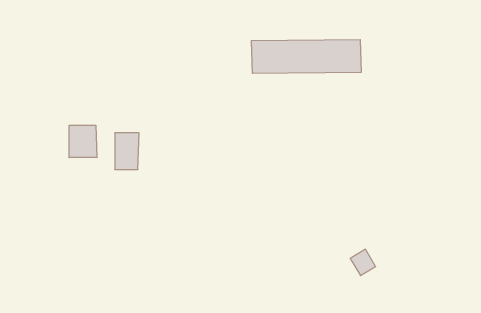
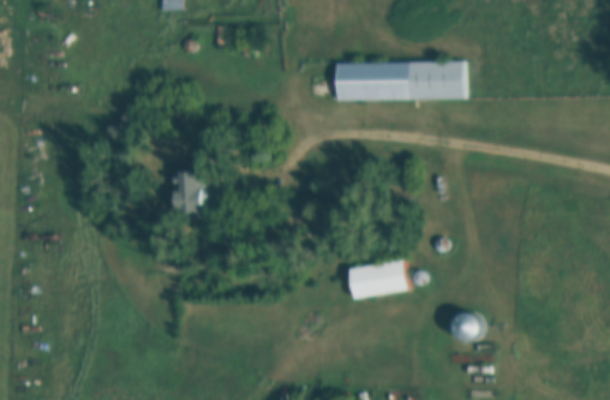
building: [69,125,97,158] -> none
building: none -> [348,259,408,299]

